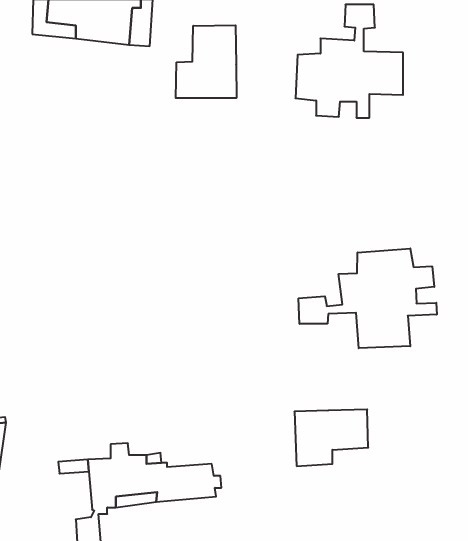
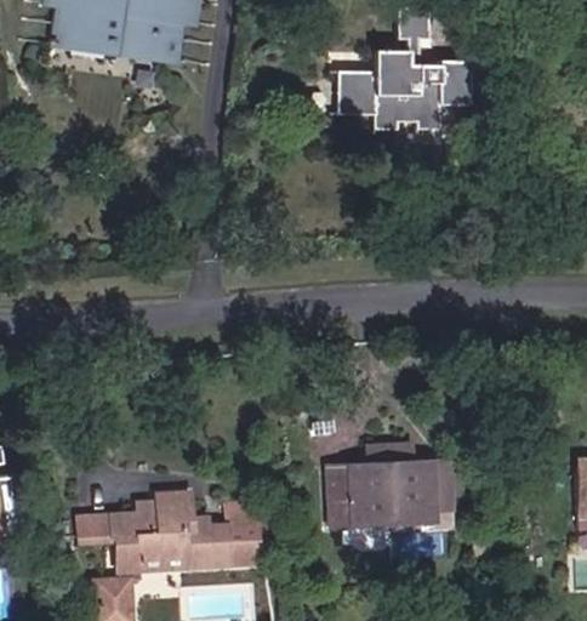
building: [176,25,236,98] -> none
building: [299,248,437,348] -> none
building: none -> [378,443,467,523]

